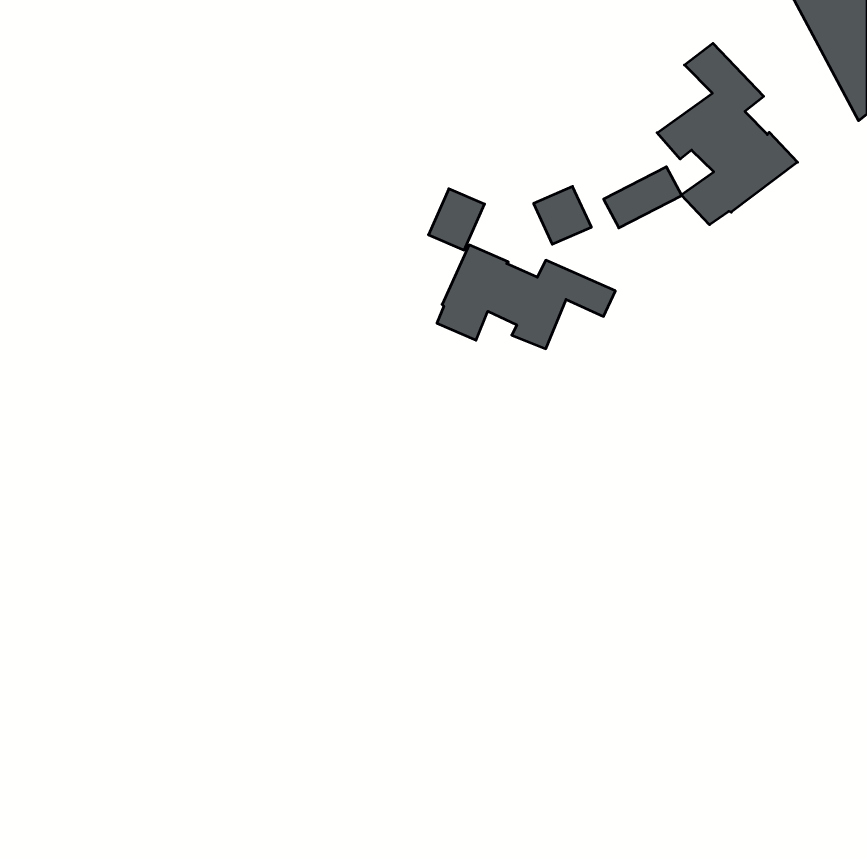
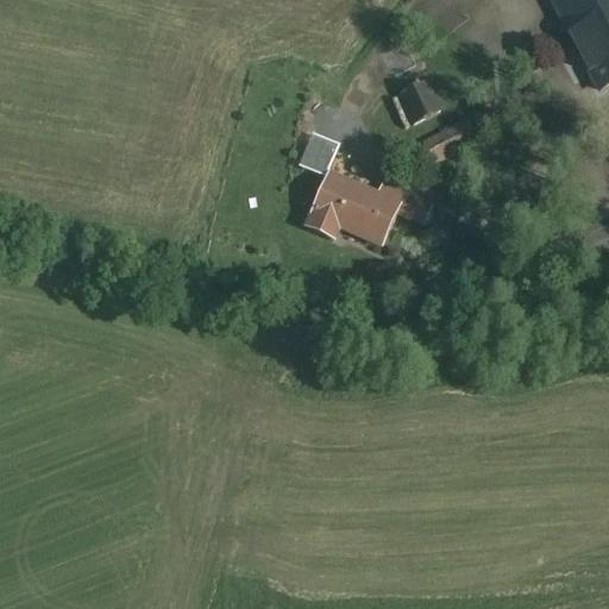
building: [657,43,798,225] -> none
building: [534,186,591,244] -> [398,79,439,119]

